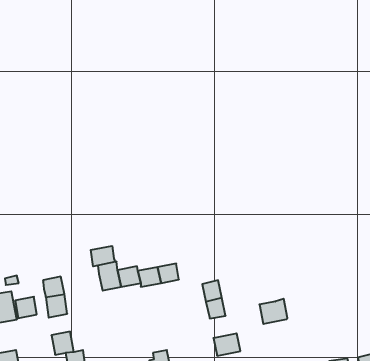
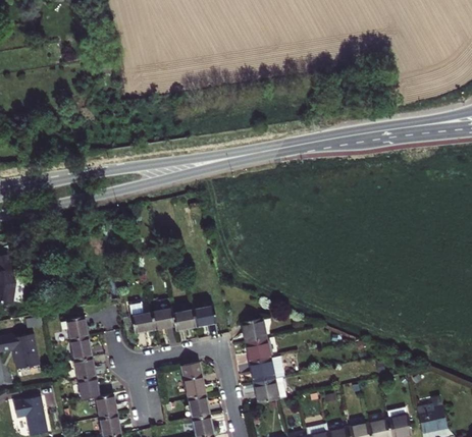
building: [91,246,115,266] -> none
building: [15,297,37,318] -> [75,359,99,382]
building: [259,299,287,324] -> [252,358,282,385]
building: none -> [182,363,205,401]

